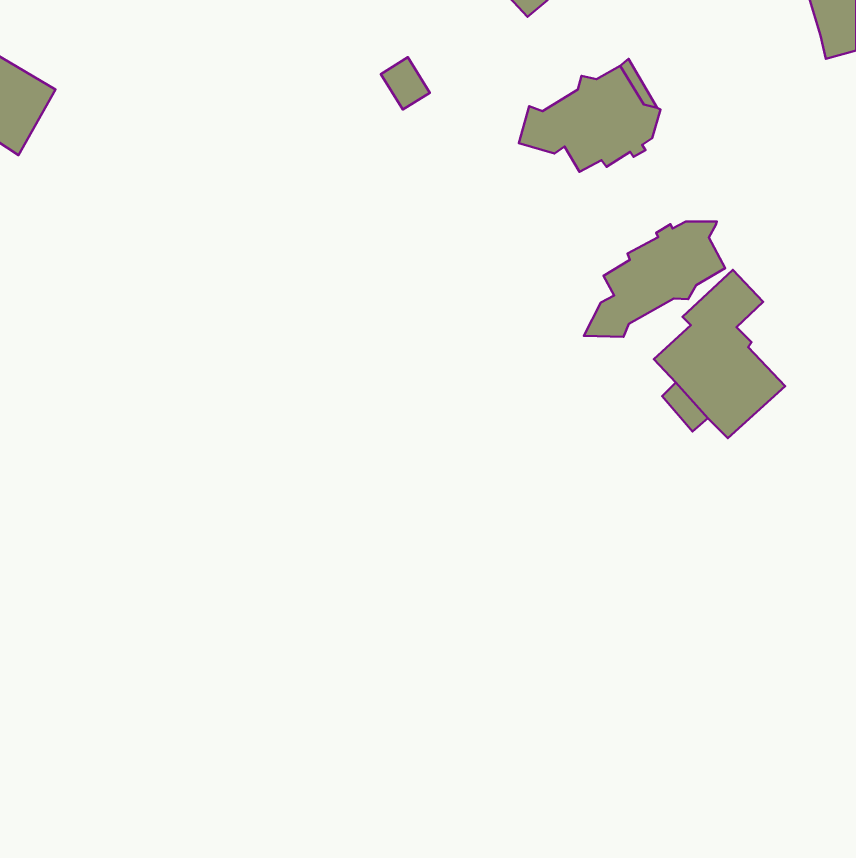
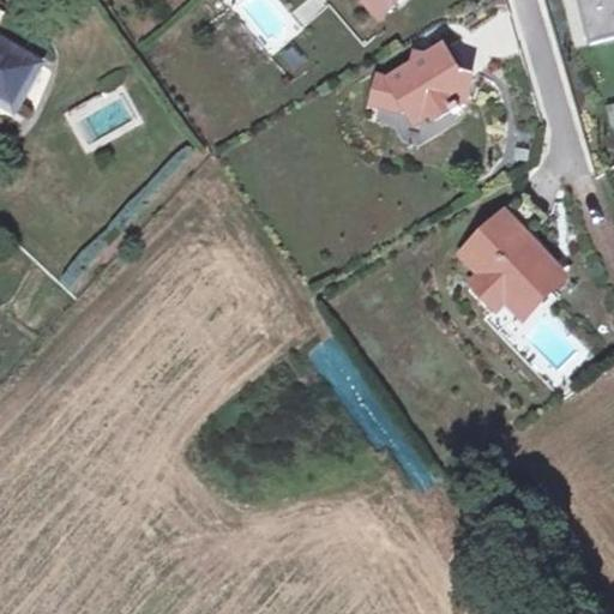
building: [584,221,725,337] -> none

